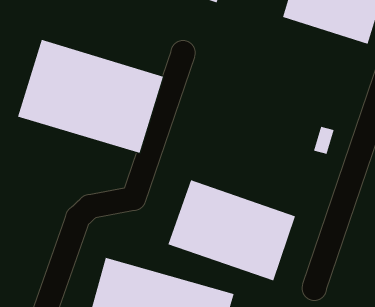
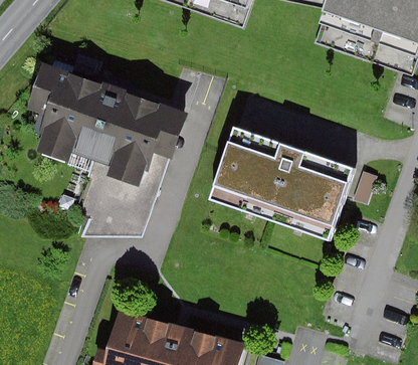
building: [168,179,296,281] -> [212,126,353,237]

